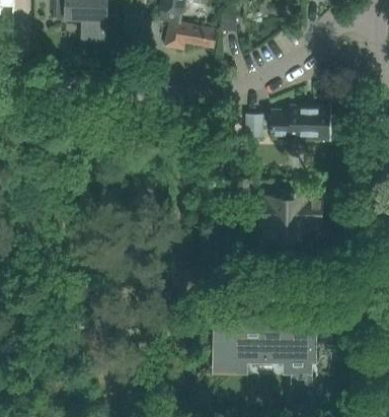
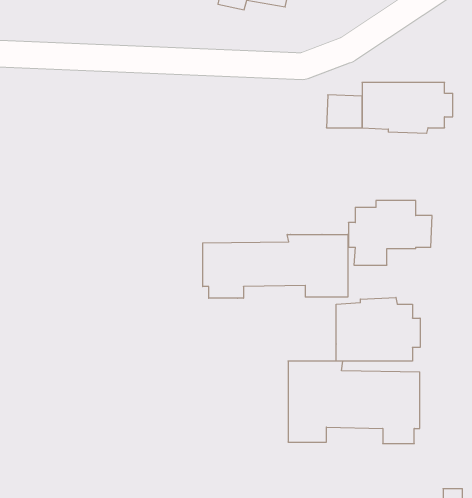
building: none -> [203,234,348,298]
building: none -> [336,297,420,361]

